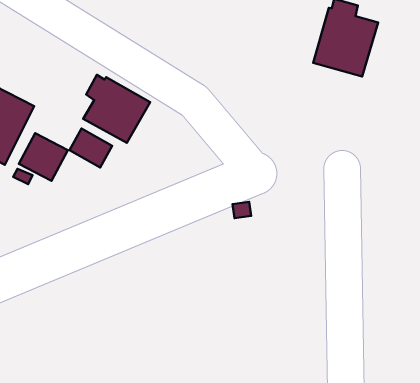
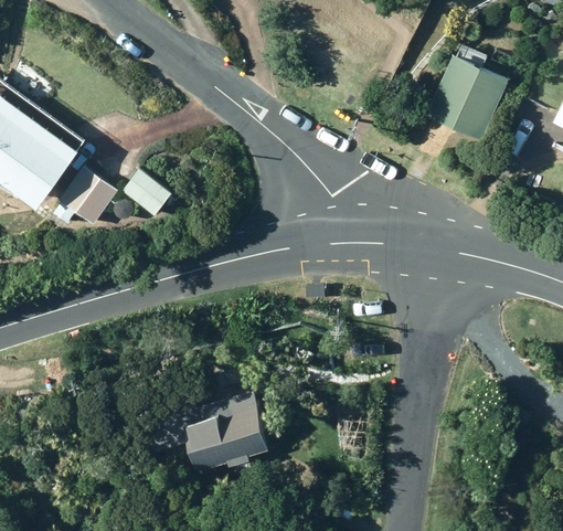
building: [83,75,150,143] -> none
building: none -> [159,391,268,461]

